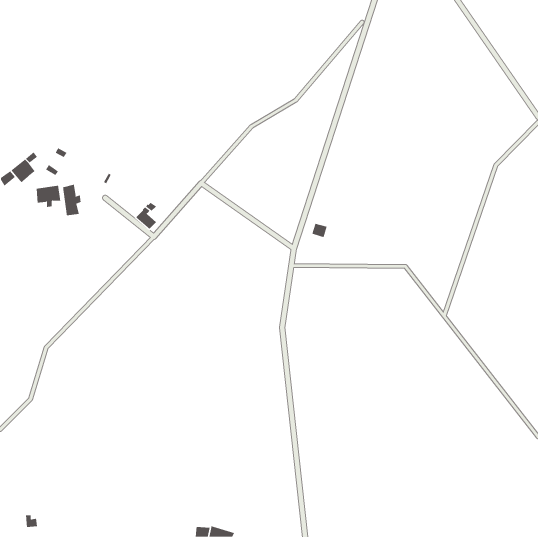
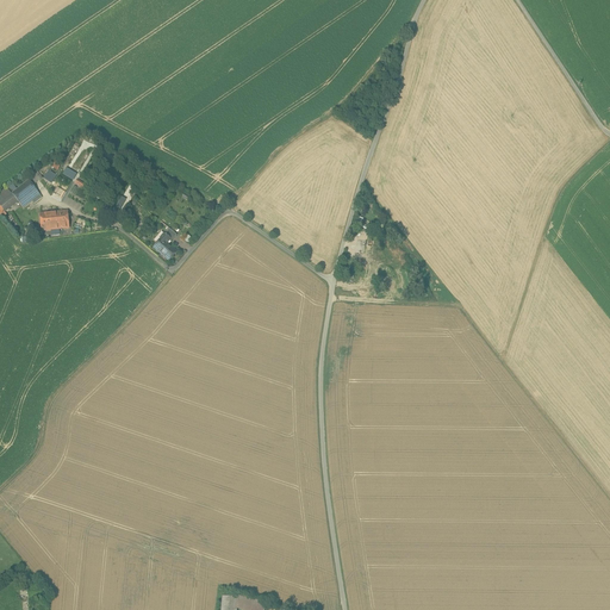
building: [62,184,81,216] -> none

